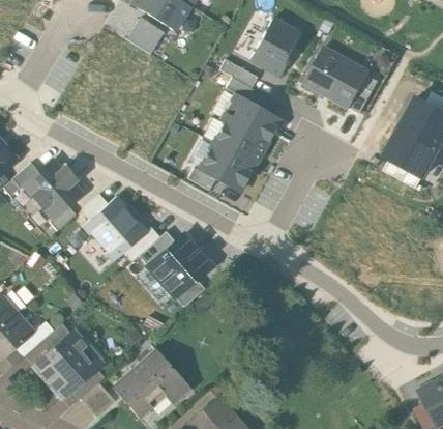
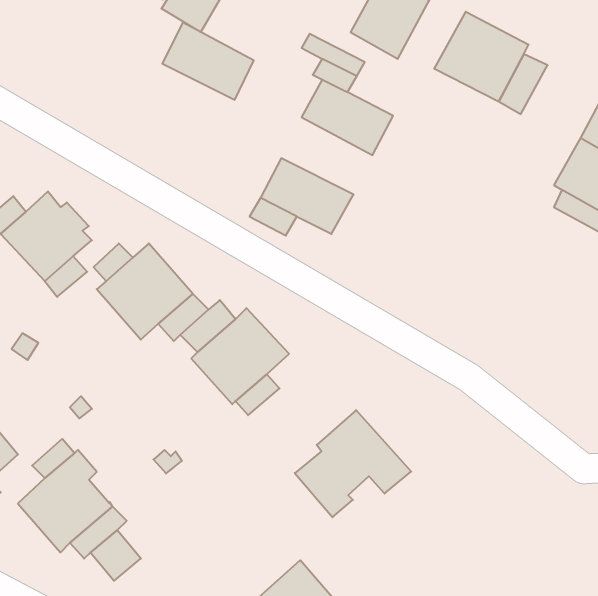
building: [205,112,265,163] -> [162,23,254,100]
building: [114,348,190,419] -> [295,410,411,517]

